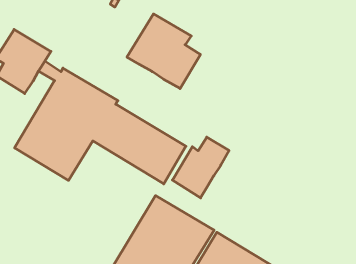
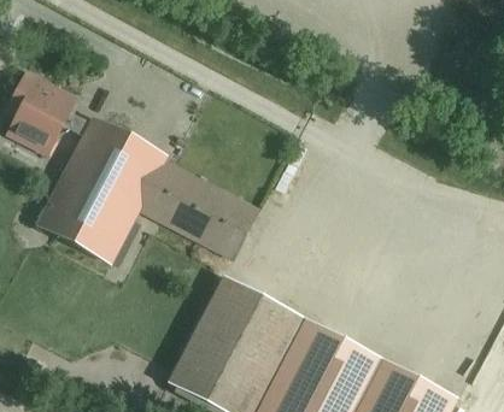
building: [127,14,200,89] -> none
building: [172,137,229,198] -> none

